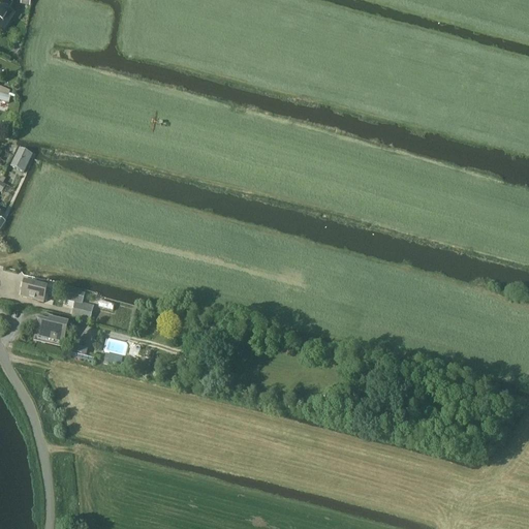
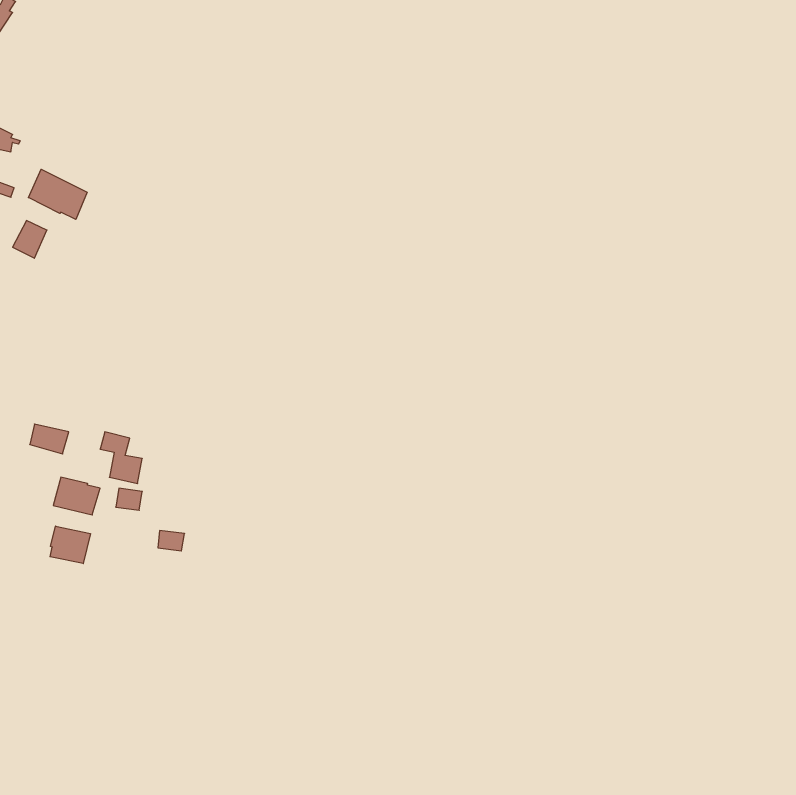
building: none -> [28,169,87,219]
building: none -> [50,526,90,564]

